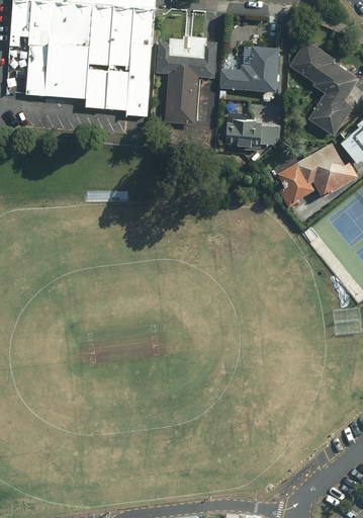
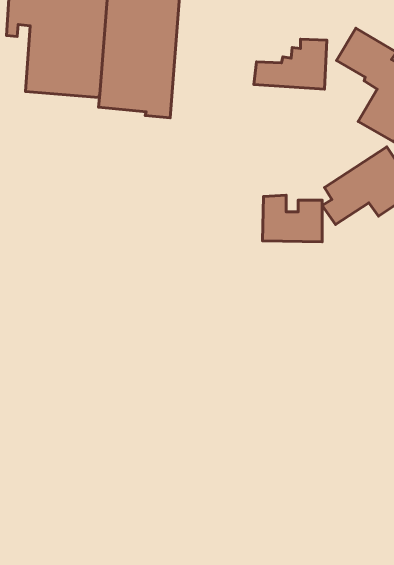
building: [155,36,216,125] -> none
building: [226,106,277,146] -> [262,195,322,242]

